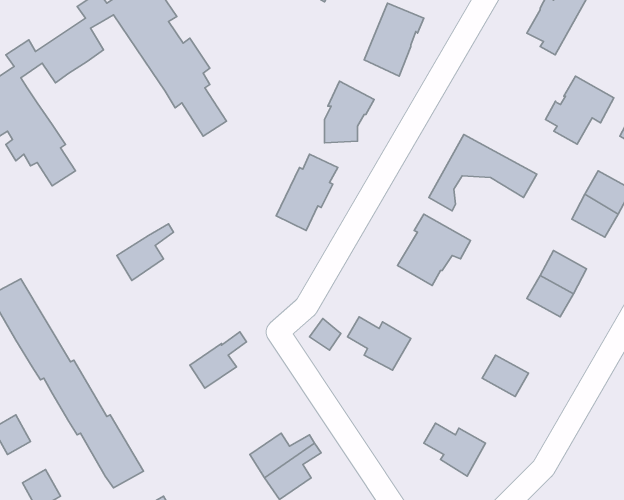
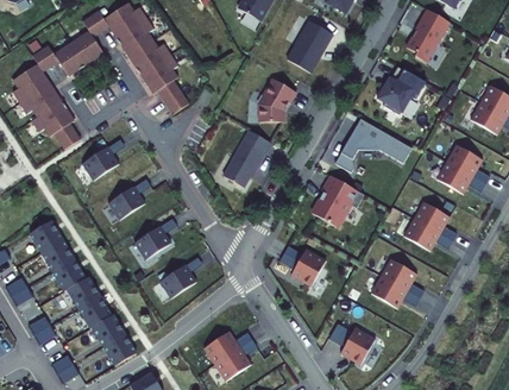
building: [546,76,614,144] -> [377,62,426,111]
building: none -> [87,139,127,180]
building: none -> [139,219,181,259]
building: none -> [384,256,417,287]

